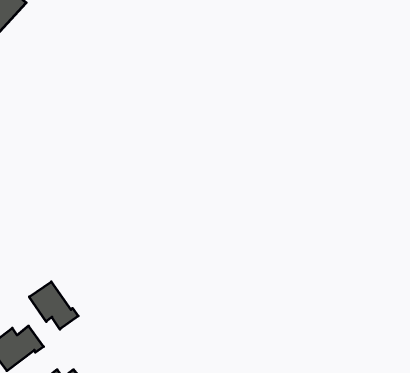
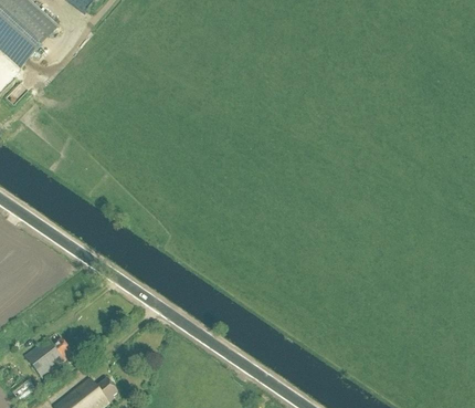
building: [29,282,78,329] -> none

